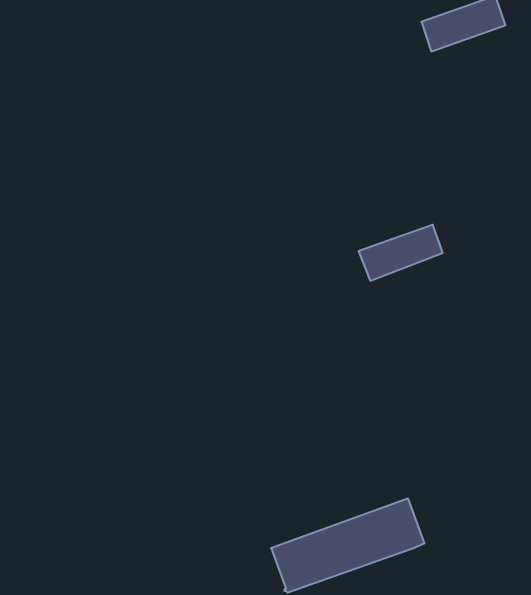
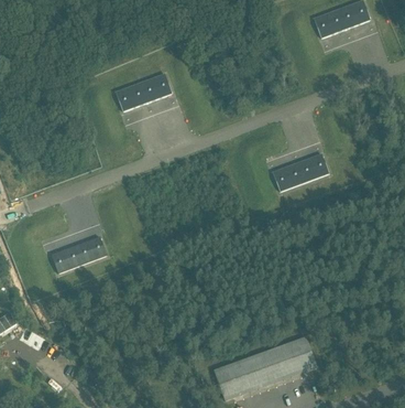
building: none -> [116,73,172,110]
building: none -> [51,235,107,273]

